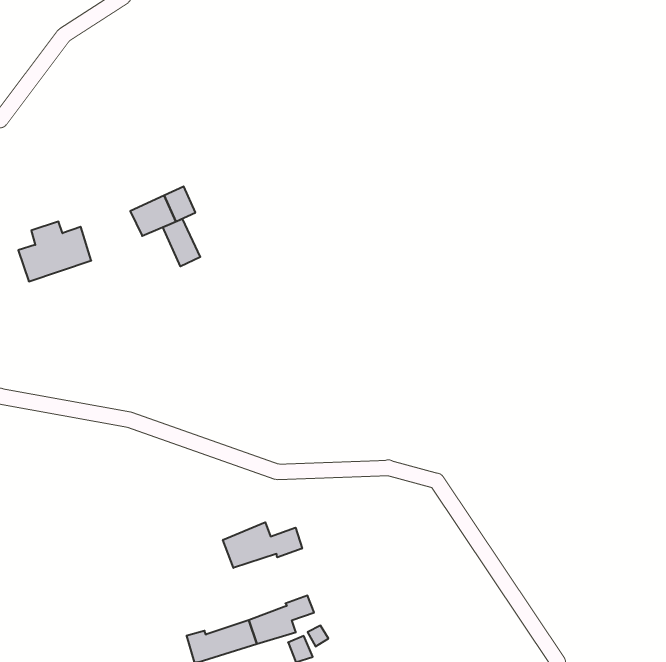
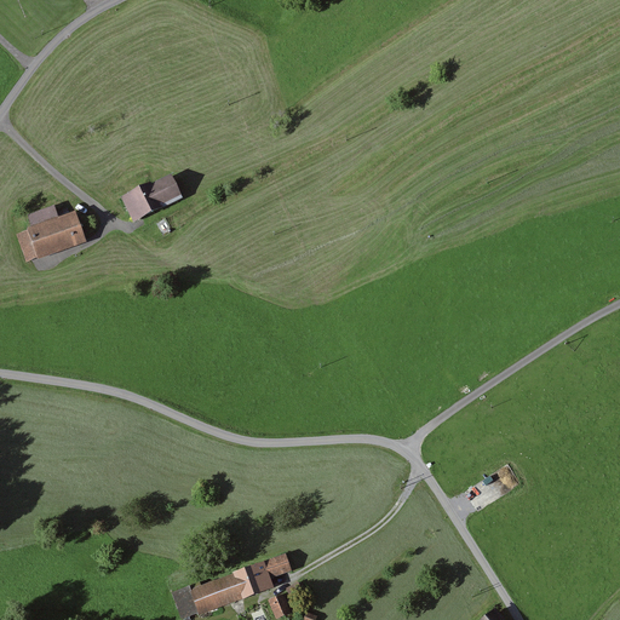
building: [163,219,200,266] -> none
building: [223,522,302,568] -> none

